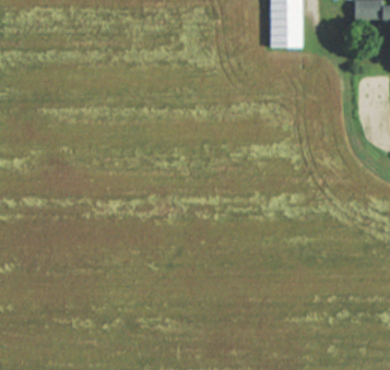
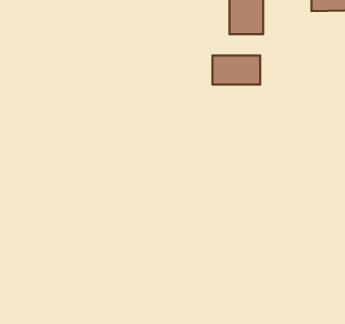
building: none -> [213,55,260,85]

